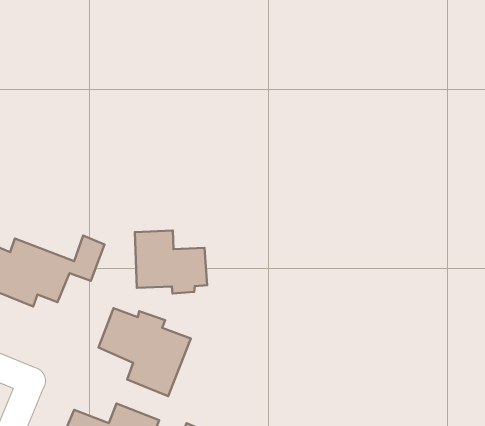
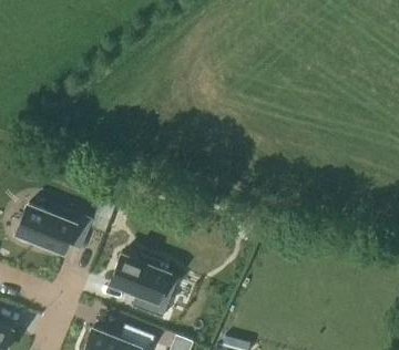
building: [135,231,207,294] -> none

